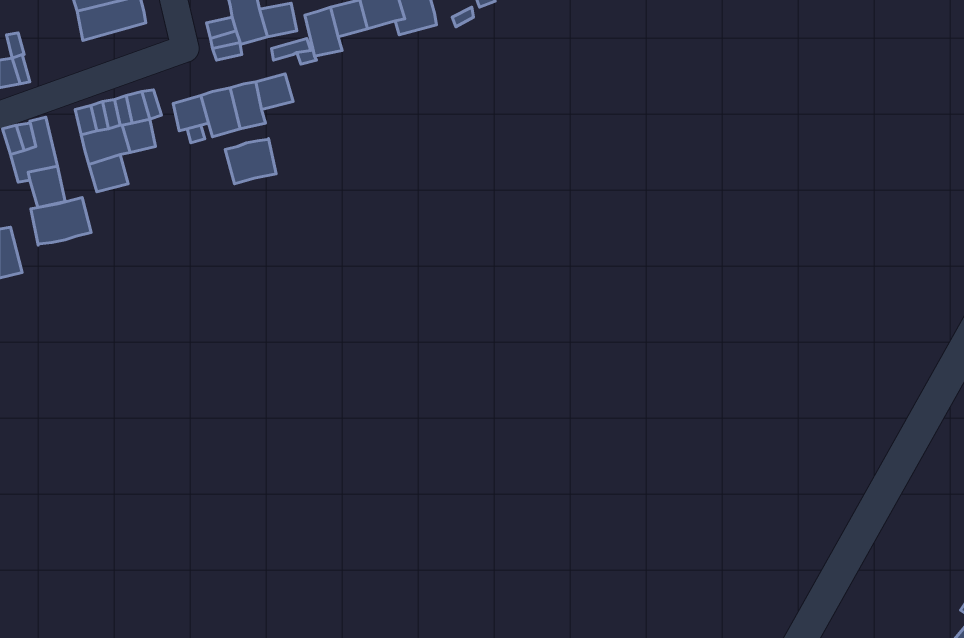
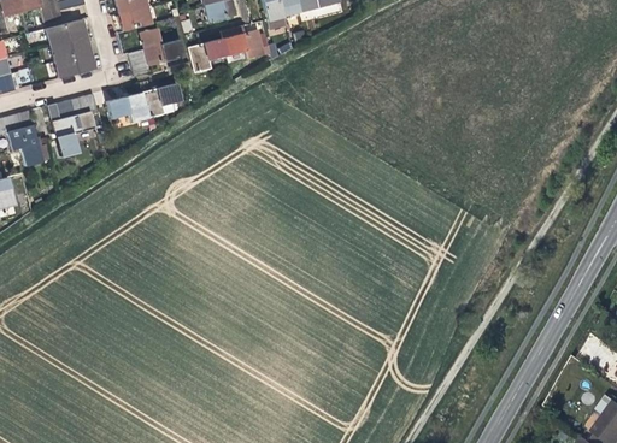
building: none -> [53,52,96,78]
building: [225,139,276,184] -> none
building: [31,197,91,245] -> none

